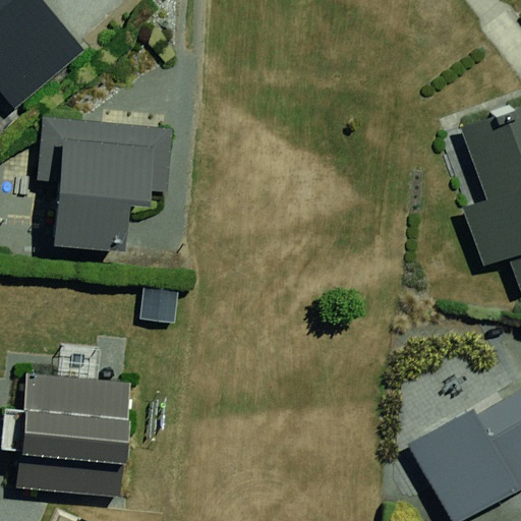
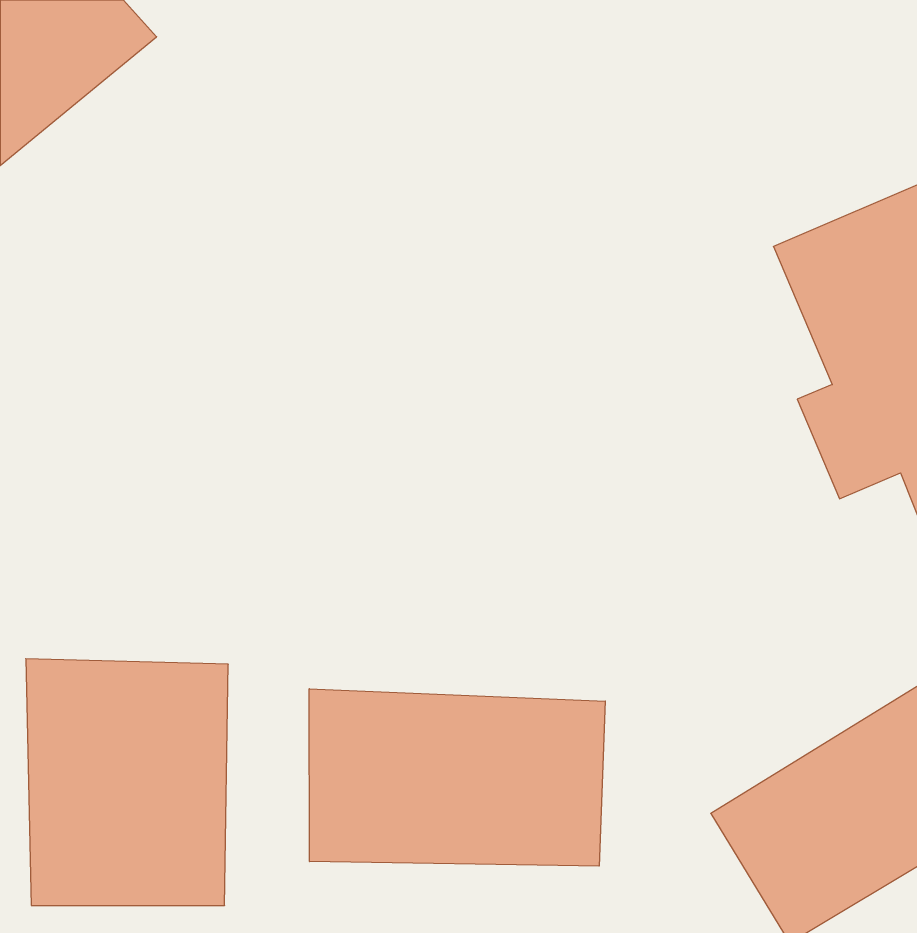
building: [39,119,168,249] -> none
building: none -> [309,689,605,866]

